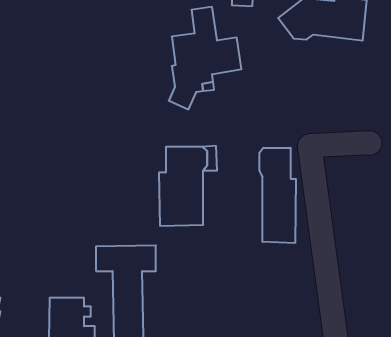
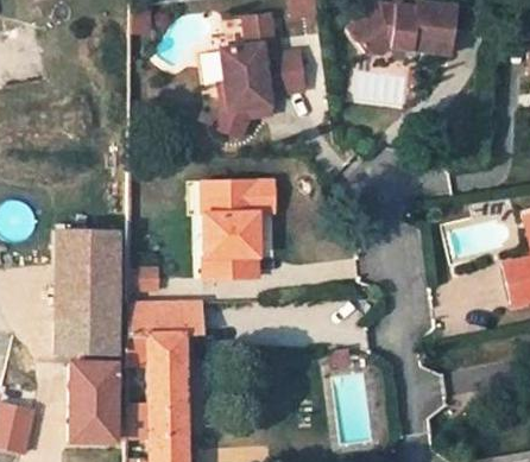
building: [260,148,296,243] -> none
building: none -> [57,235,114,353]

